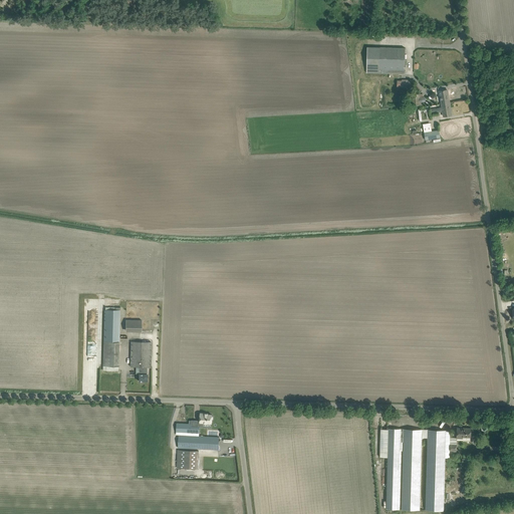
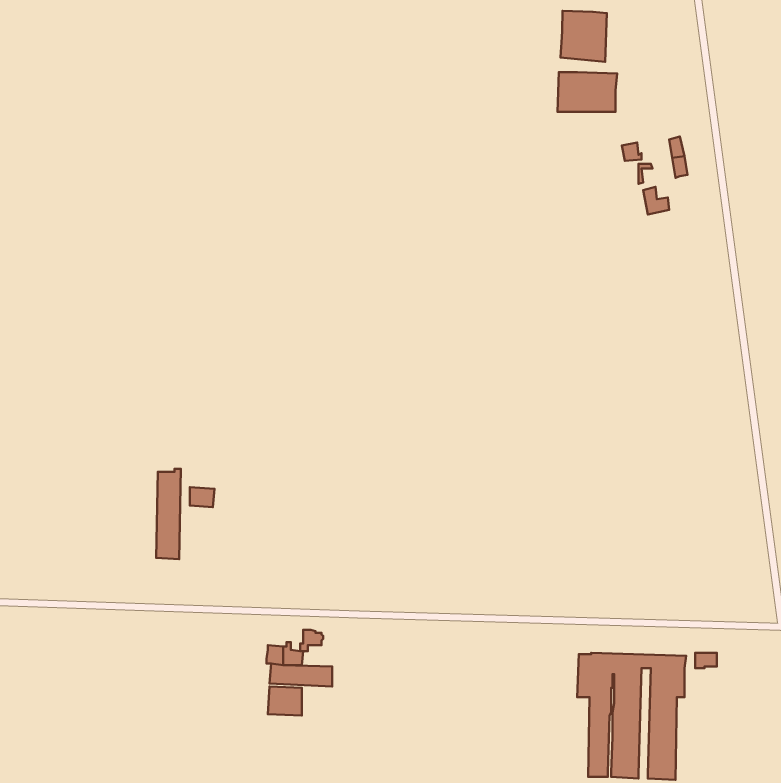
building: none -> [561,11,607,62]
building: [130,341,150,381] -> none

